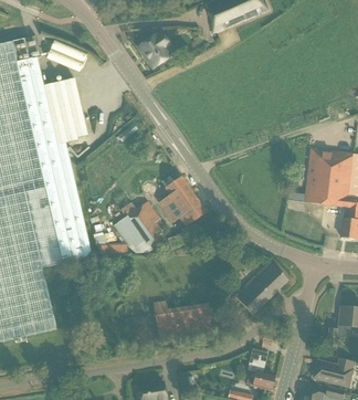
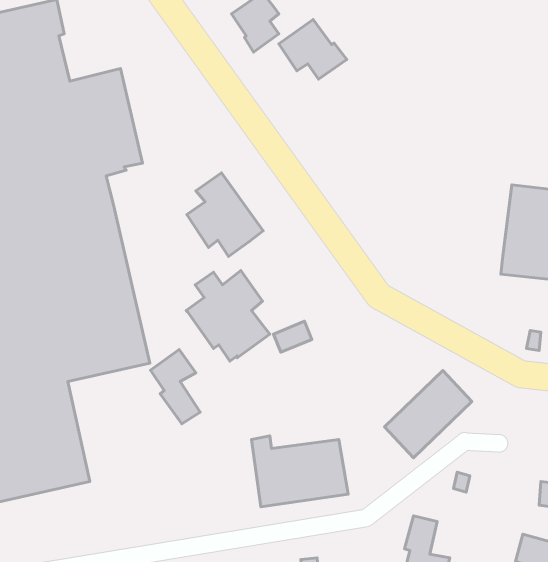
building: none -> [279,20,347,79]
building: [159,177,206,228] -> [187,173,263,256]
building: none -> [150,349,200,424]

